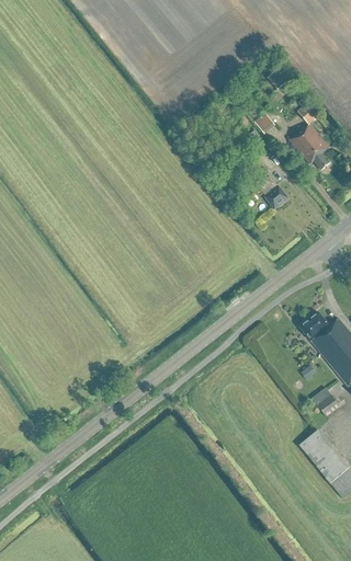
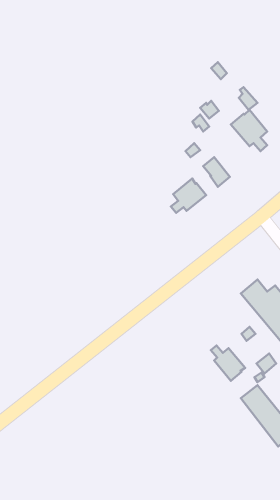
building: none -> [171,179,206,213]
building: none -> [211,345,245,381]

